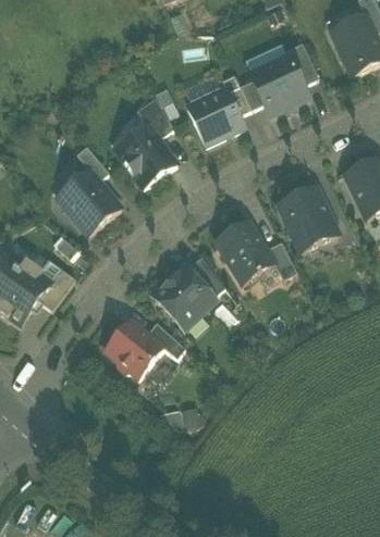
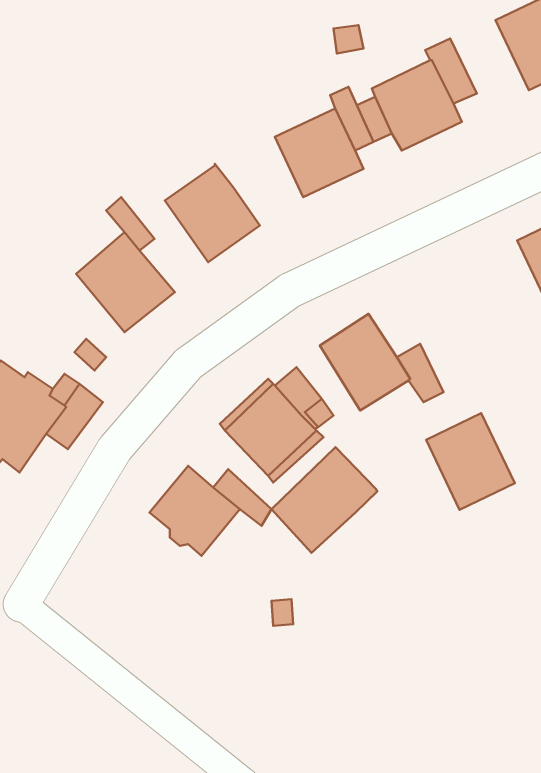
building: [135,96,172,137] -> none
building: [278,186,335,249] -> [426,413,515,510]
building: none -> [272,447,377,553]

